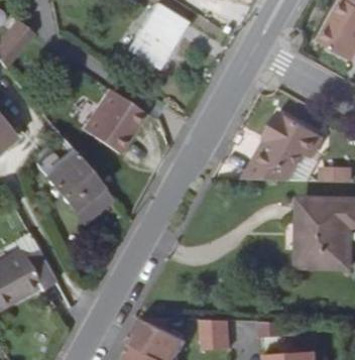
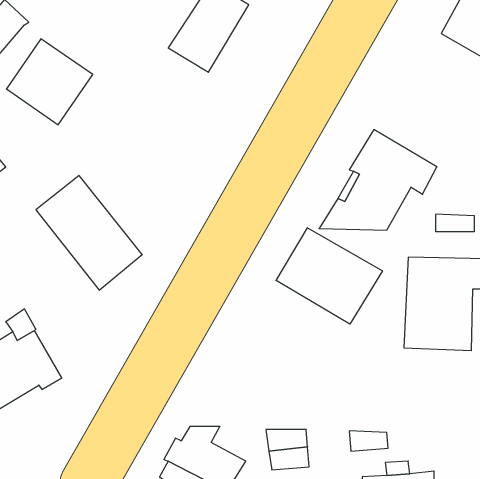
building: [84,91,144,151] -> [6,39,93,125]
building: none -> [276,228,382,324]

